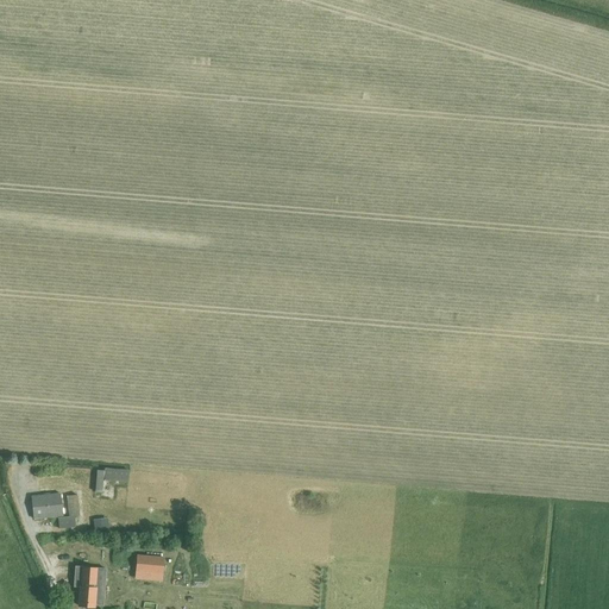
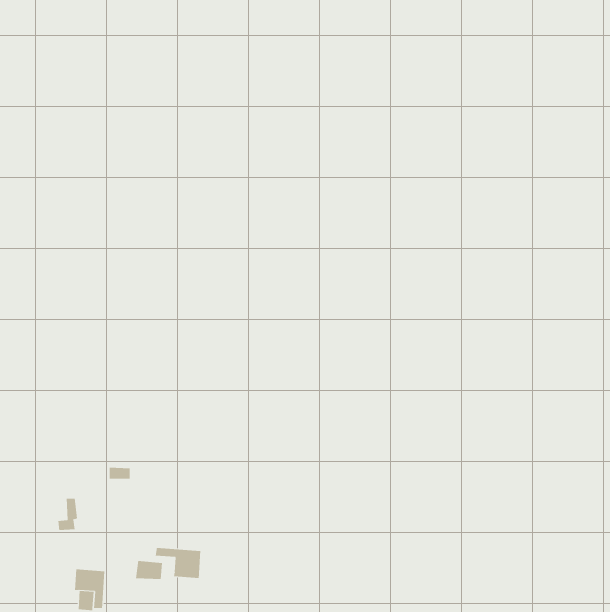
building: [30,494,62,519] -> none
building: none -> [155,547,201,579]

